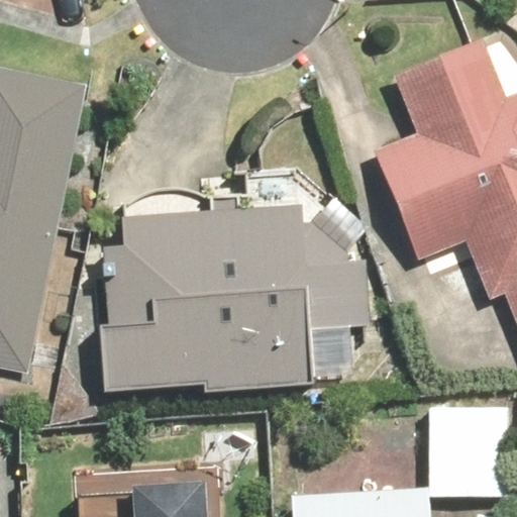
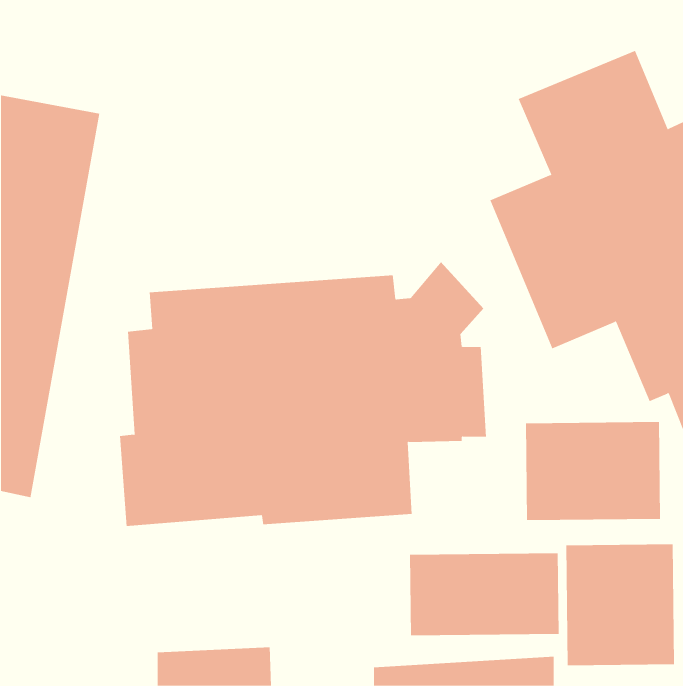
building: none -> [525,421,660,521]
building: none -> [410,553,559,636]

